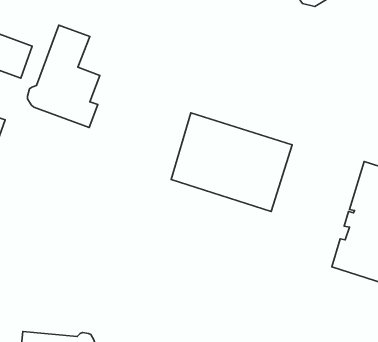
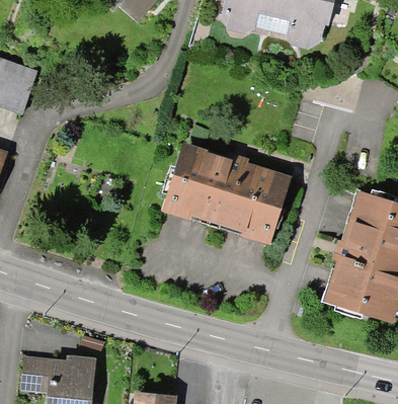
building: [27,25,100,128] -> none

